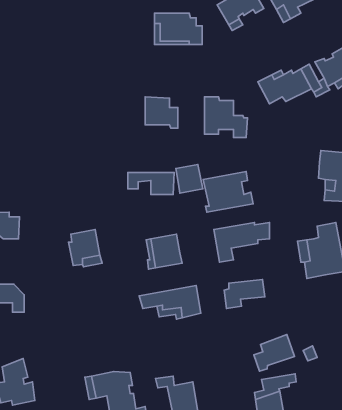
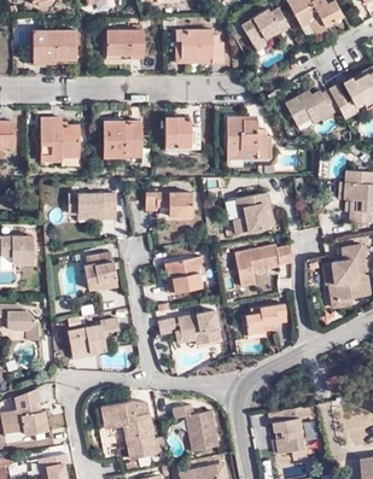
building: none -> [31,29,74,59]
building: none -> [105,30,141,54]
building: none -> [40,117,78,165]
building: none -> [101,121,139,156]
building: [176,164,203,193] -> none
building: none -> [69,197,117,222]
building: none -> [69,320,121,356]
building: [254,334,294,371] -> none

